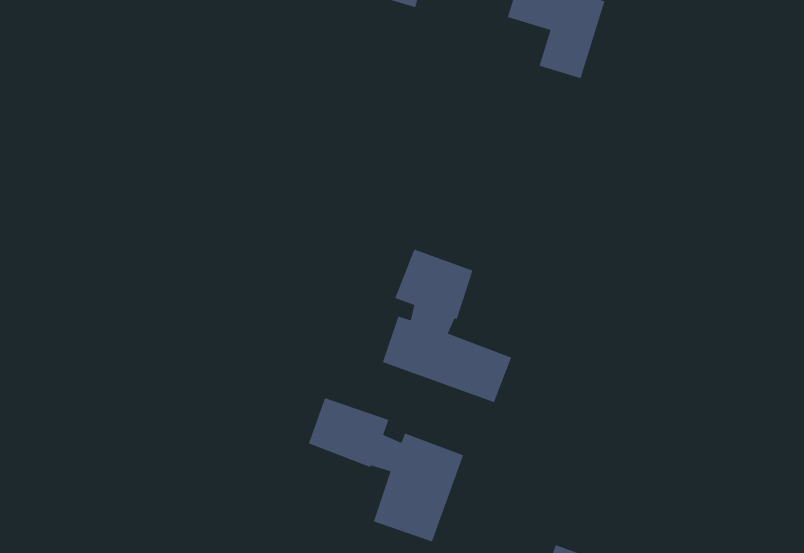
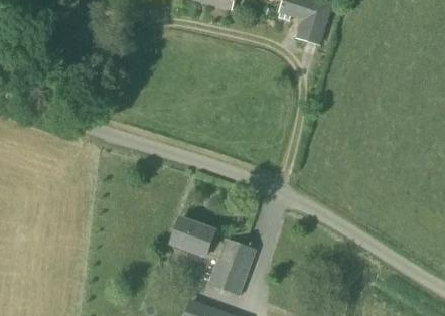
building: [382,249,512,403] -> none

